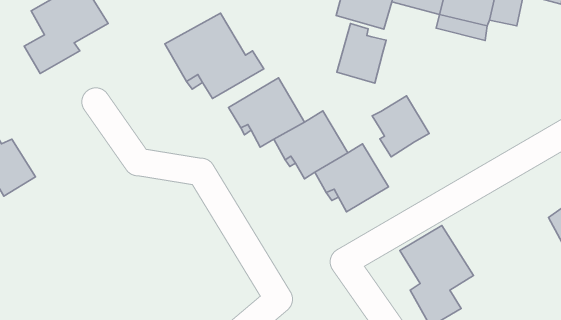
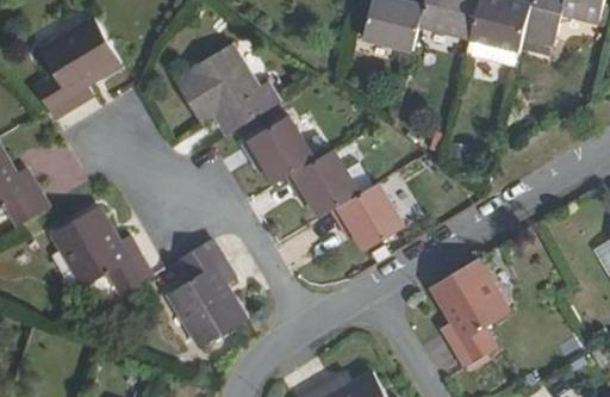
building: [337,24,386,83] -> none
building: [372,96,429,157] -> none
building: none -> [49,206,154,294]
building: none -> [167,240,249,348]

